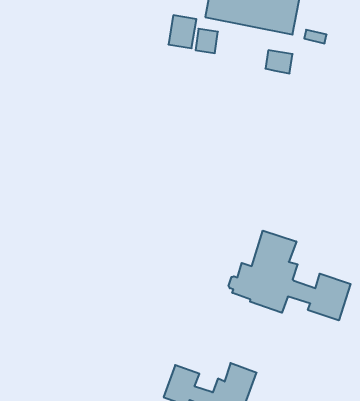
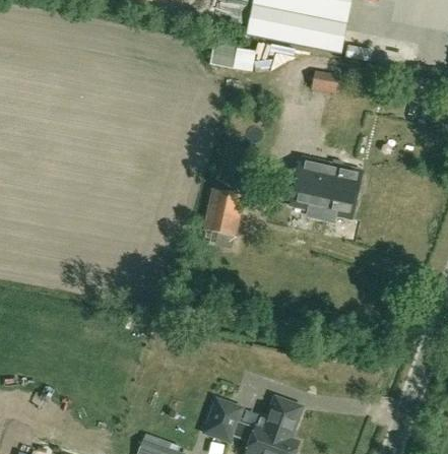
building: none -> [282,158,360,216]
building: none -> [205,189,242,246]
building: [229,231,351,320] -> none

